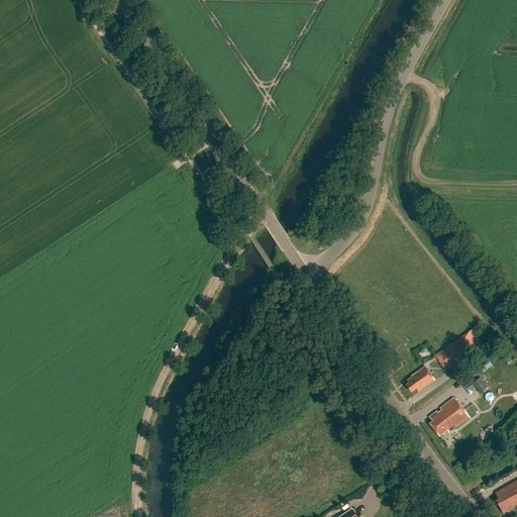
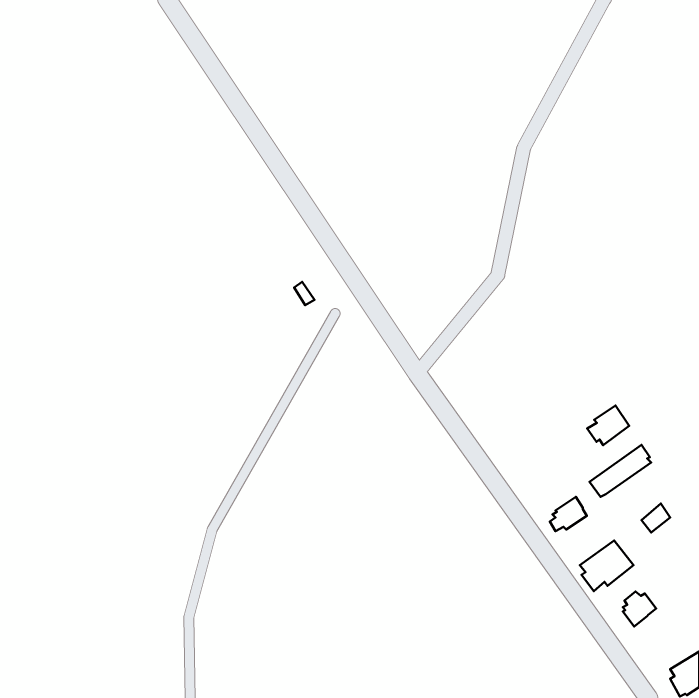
building: none -> [587,406,629,445]
building: none -> [623,591,656,626]

